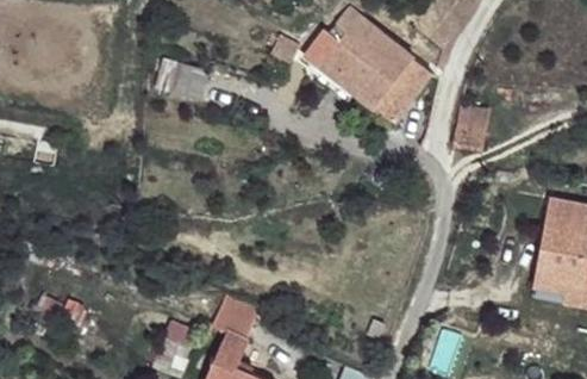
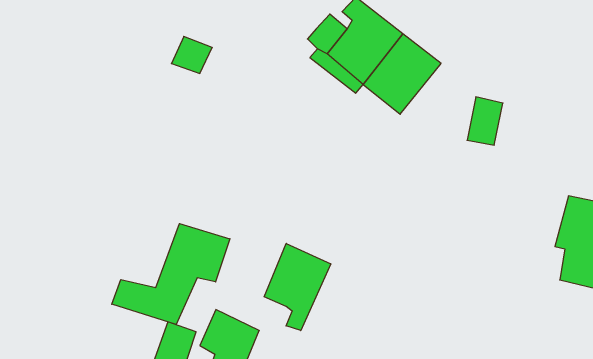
building: none -> [112,224,230,325]
building: none -> [264,243,331,331]

